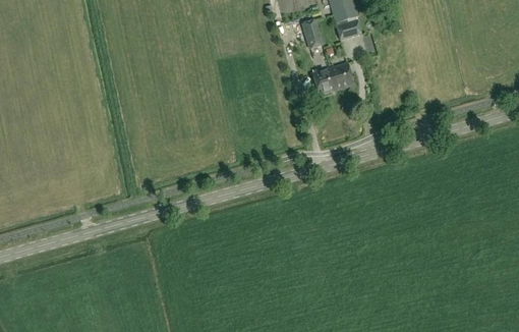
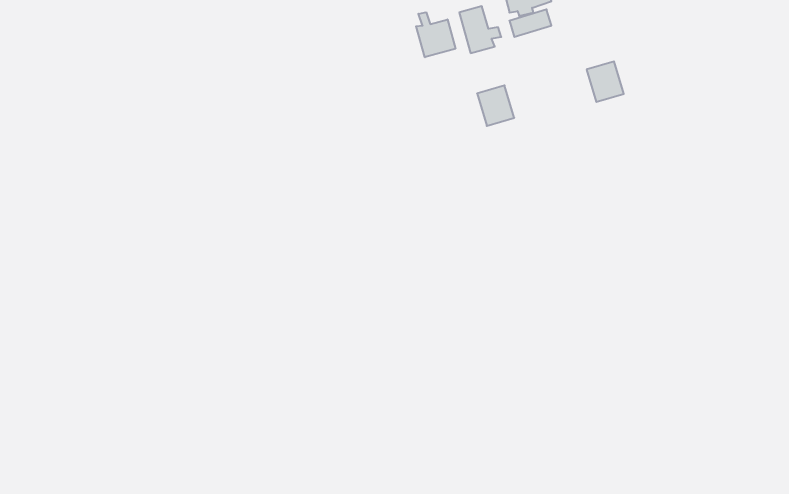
building: none -> [416,12,455,57]
building: [330,63,353,89] -> [587,61,624,102]

